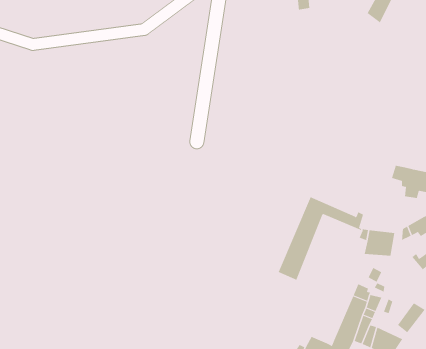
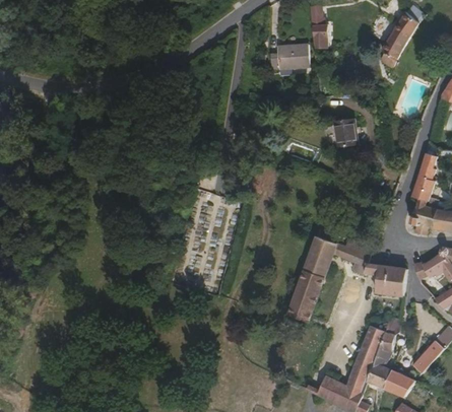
building: none -> [269,47,308,71]
building: none -> [336,120,359,147]
building: none -> [412,154,436,202]

